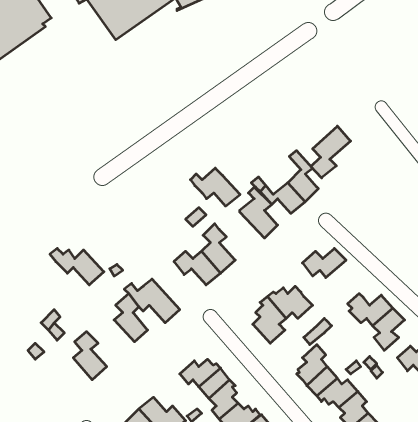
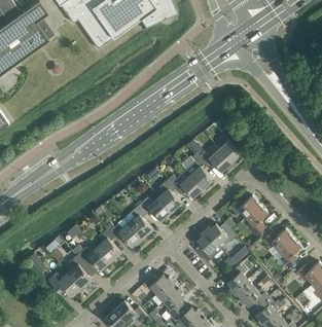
building: [311,126,351,178] -> none
building: [190,168,240,206] -> [168,170,203,196]
building: [50,248,104,285] -> [73,245,111,270]
building: none -> [246,204,267,237]
building: none -> [123,205,152,239]
building: none -> [48,272,81,296]

